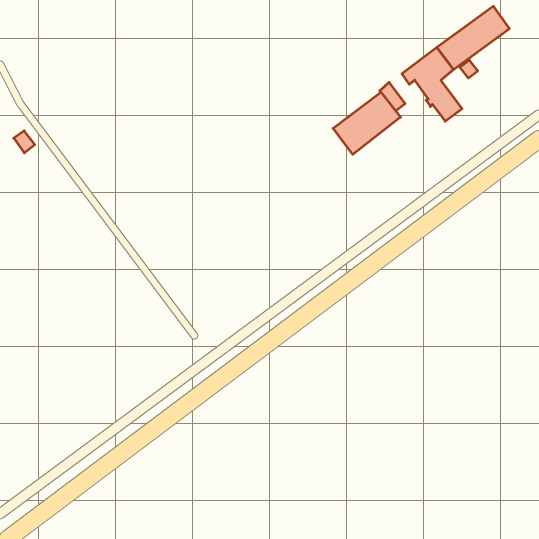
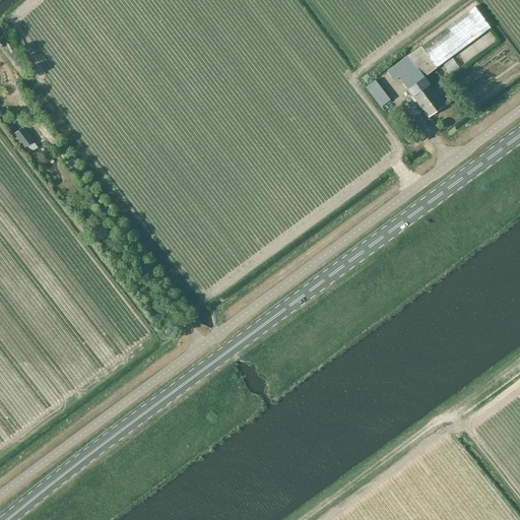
building: [333,92,401,154] -> none

